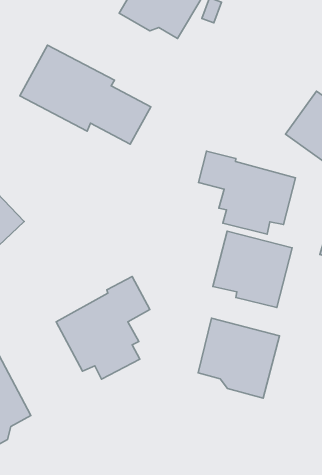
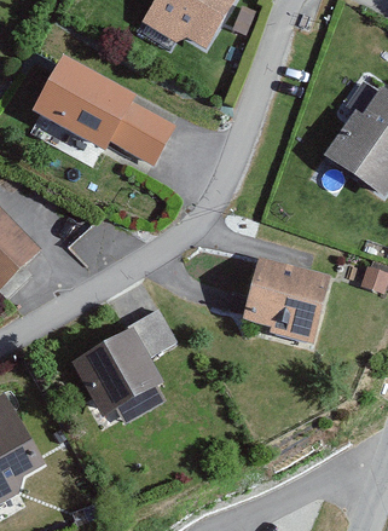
building: [199,151,296,234] -> none
building: [198,318,279,398] -> none

